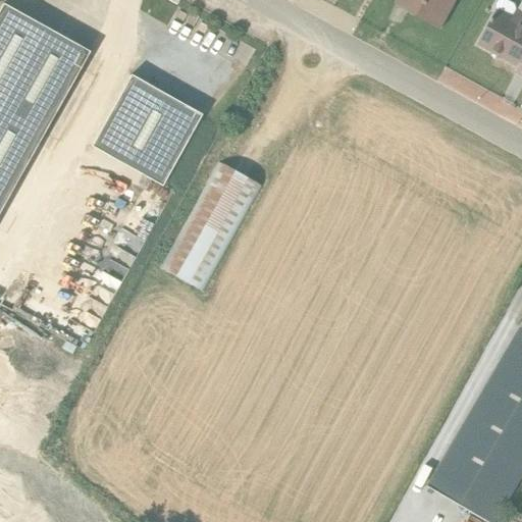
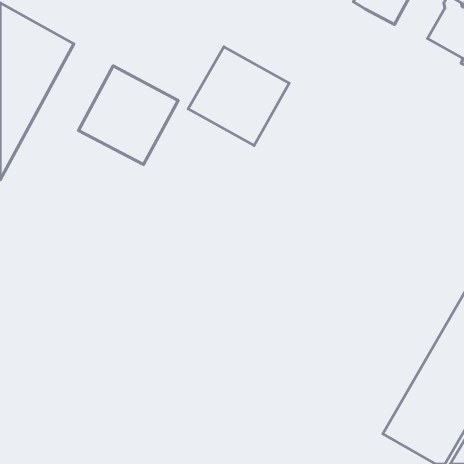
building: none -> [188,47,289,146]
building: [162,163,261,291] -> none

